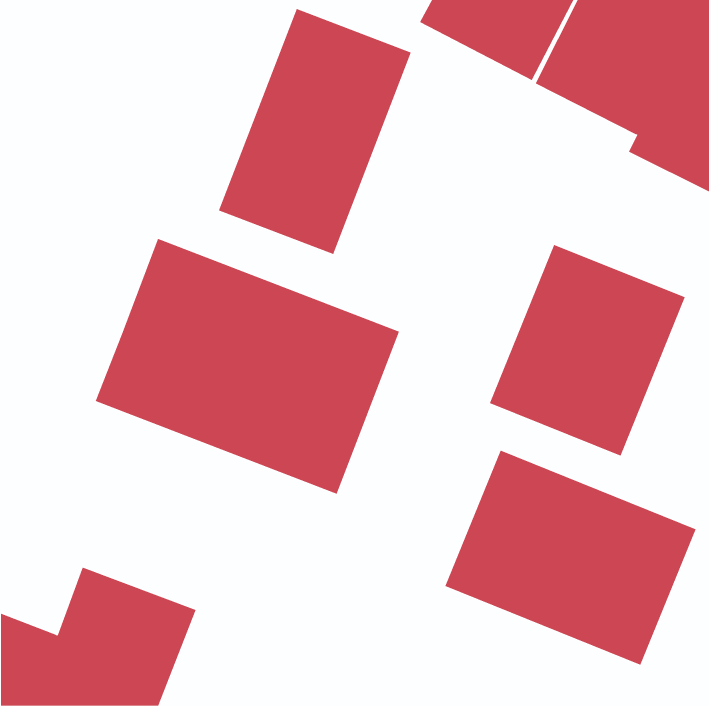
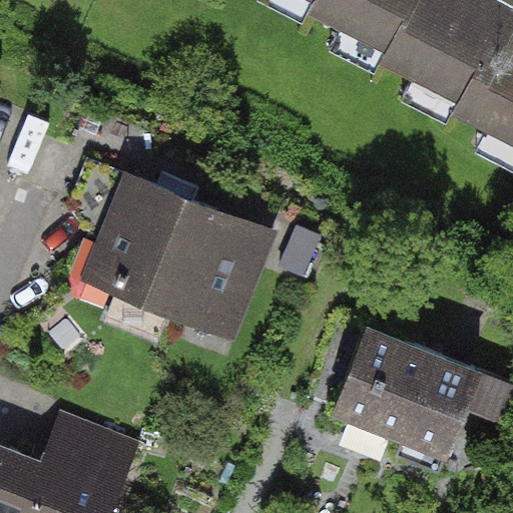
building: [218,8,412,255] -> none
building: [489,244,685,456] -> none

